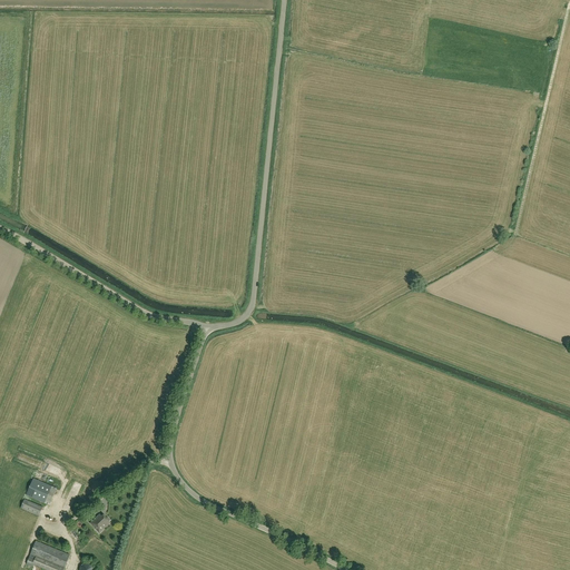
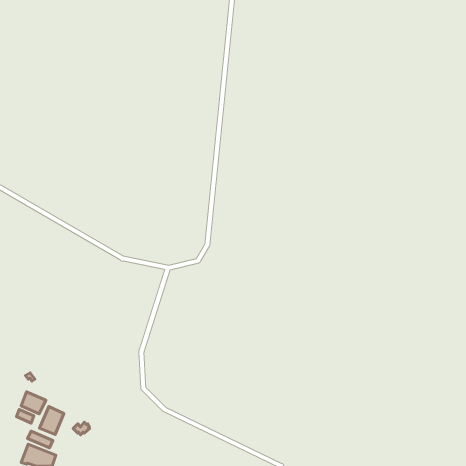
building: none -> [39,407,64,434]

